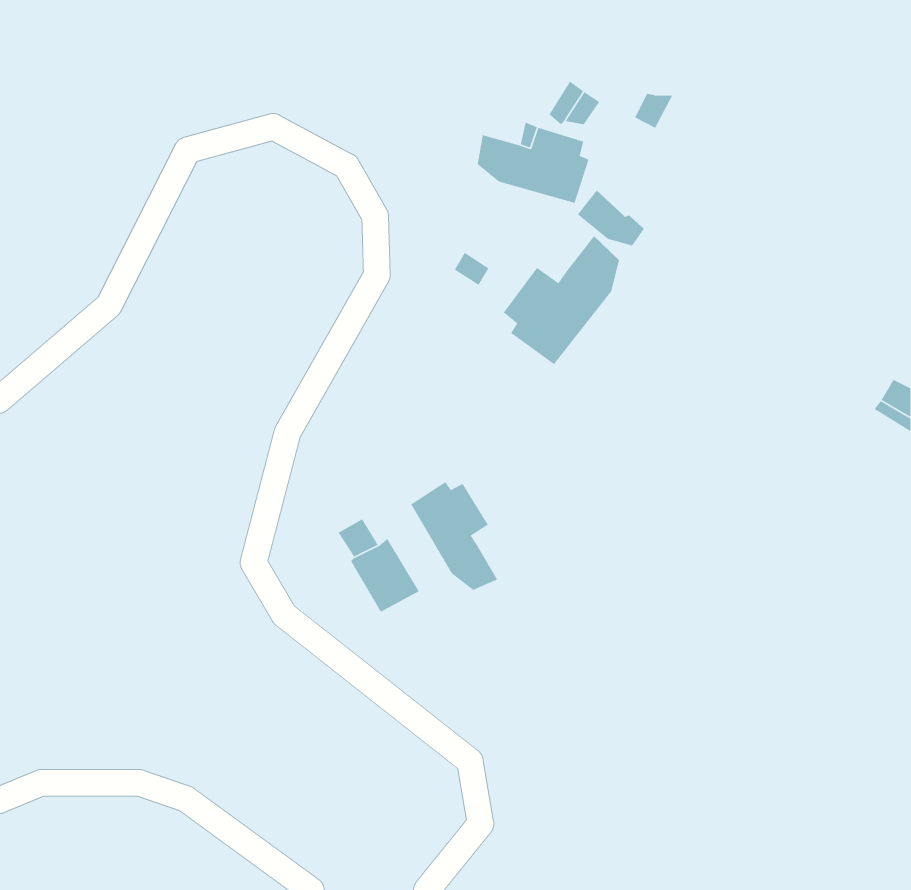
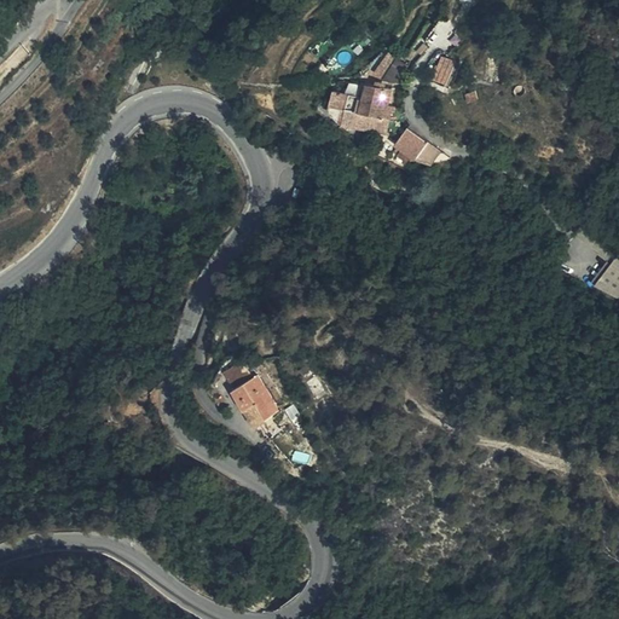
building: [503,235,620,365] -> none
building: [410,481,498,591] -> none

